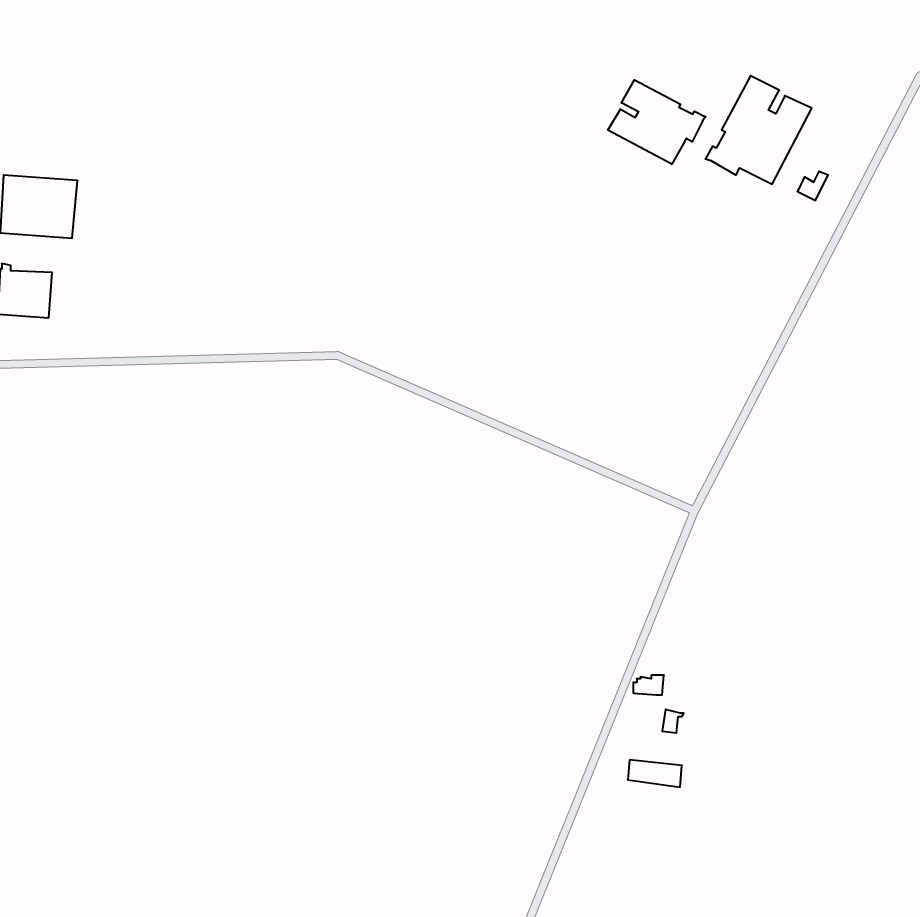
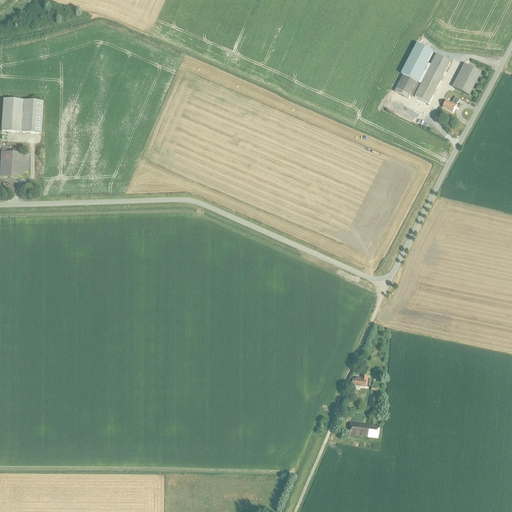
building: [608,80,706,164] -> none
building: none -> [451,62,480,94]

